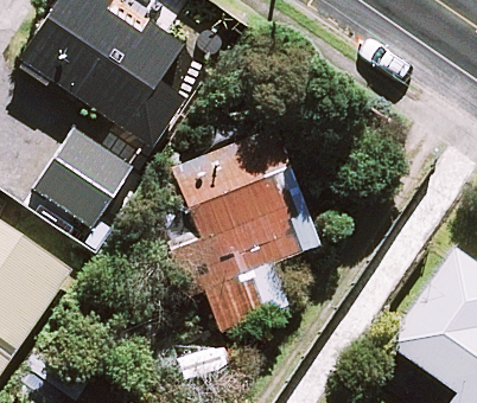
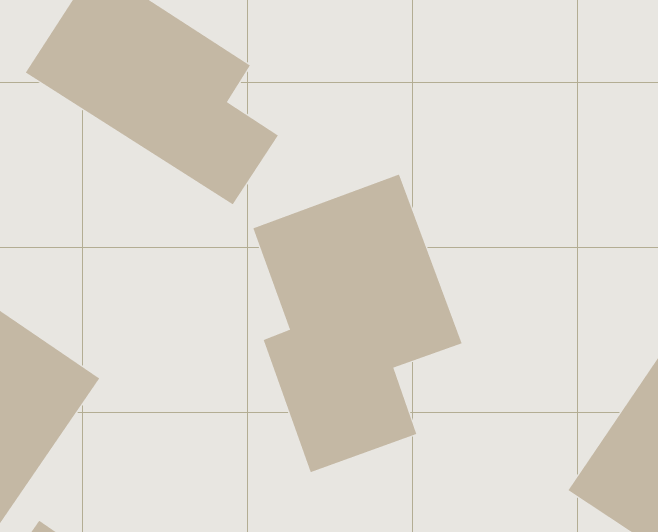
building: [25,127,134,238] -> none

